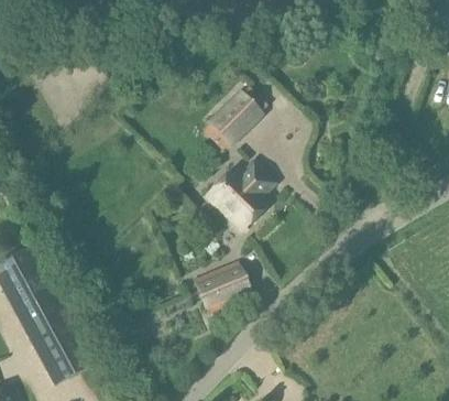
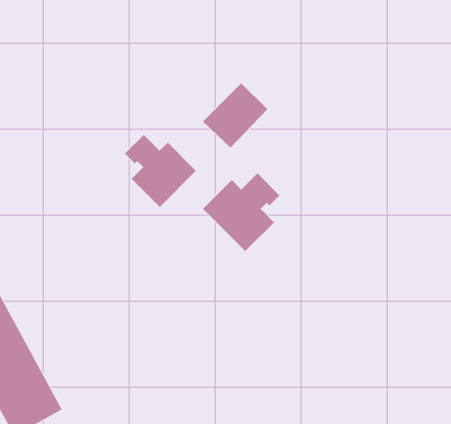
building: none -> [124,134,197,208]
building: [194,267,244,310] -> none

